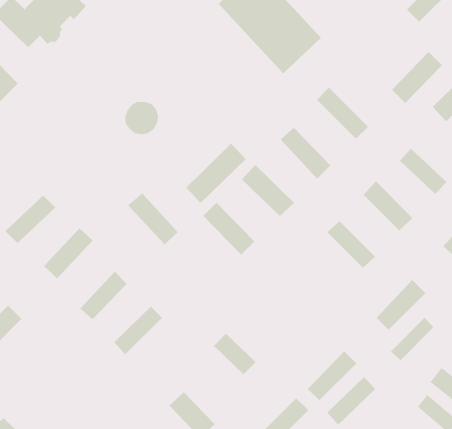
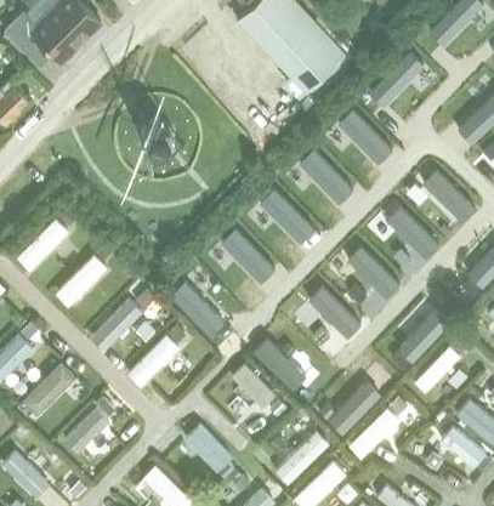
building: [391,51,443,104] -> [369,50,422,104]
building: [185,143,247,204] -> none
building: [127,192,179,245] -> [170,280,223,335]
building: none -> [310,285,359,336]
building: none -> [254,336,307,390]
building: none -> [23,363,75,414]
building: none -> [63,408,108,454]

